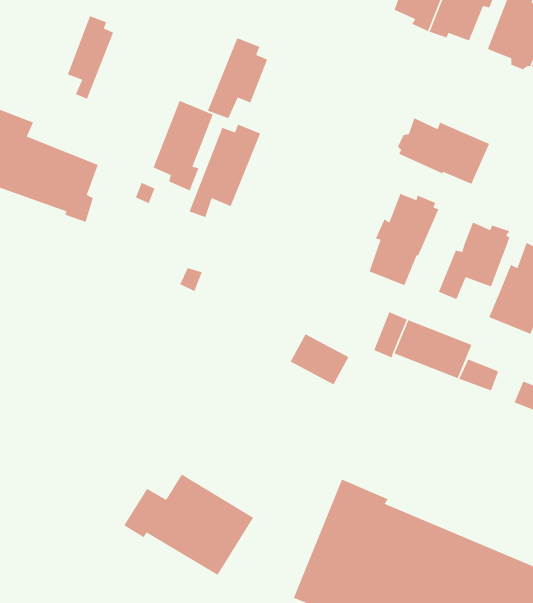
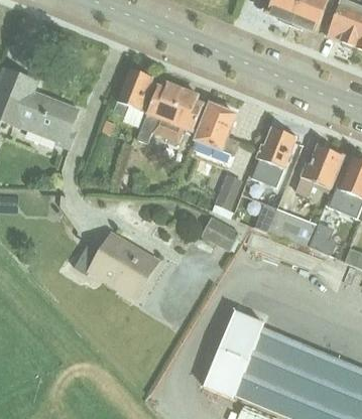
building: [67,15,114,100] -> none
building: [207,37,268,119] -> [163,89,203,141]
building: [397,117,490,185] -> none
building: none -> [196,101,239,154]
building: none -> [215,172,242,208]
building: [123,473,254,576] -> [74,233,157,298]

